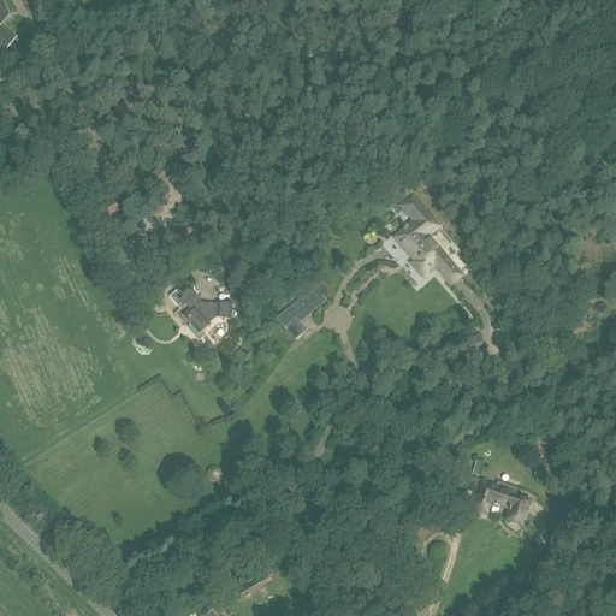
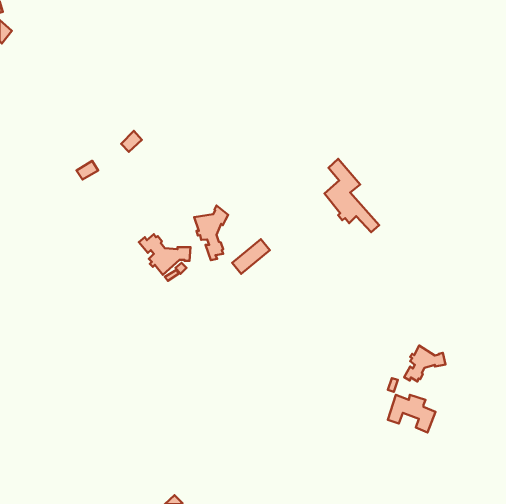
building: none -> [194,206,228,260]
building: none -> [404,346,445,381]

